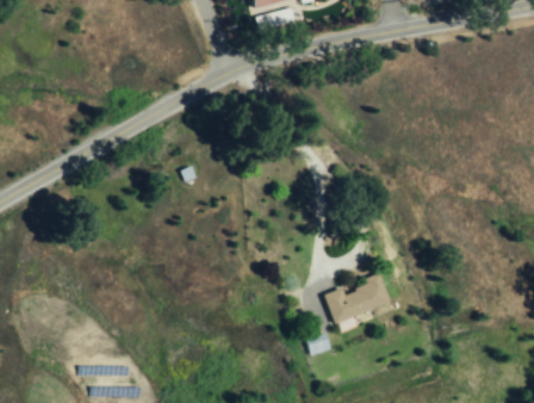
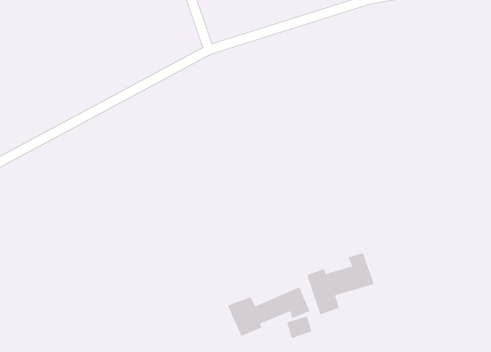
building: none -> [227,286,311,337]

